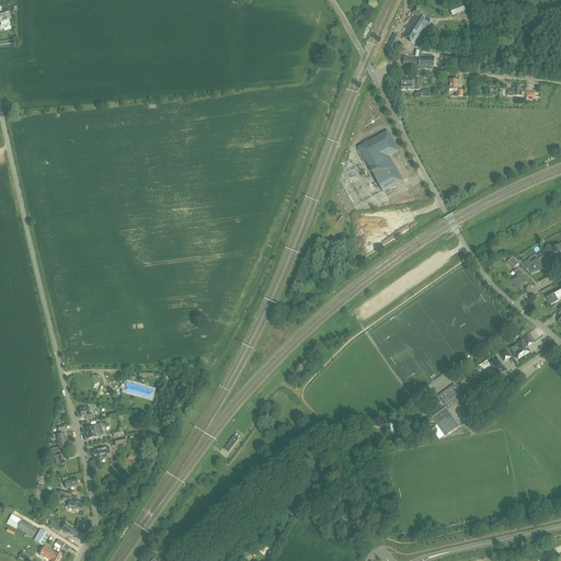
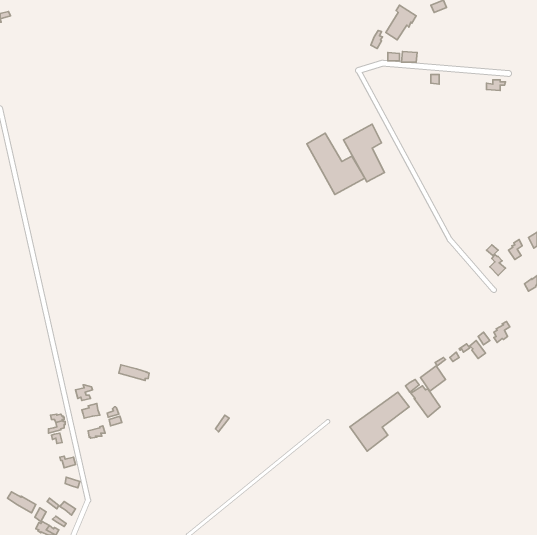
building: none -> [307,133,365,194]
building: none -> [350,392,409,451]

